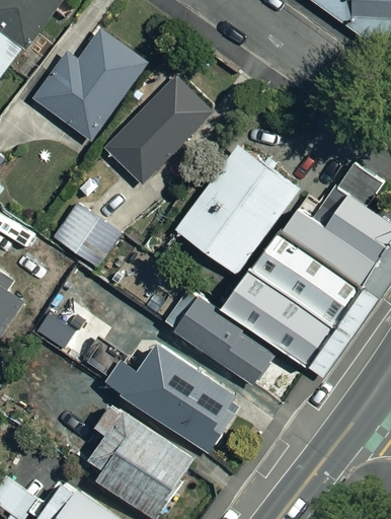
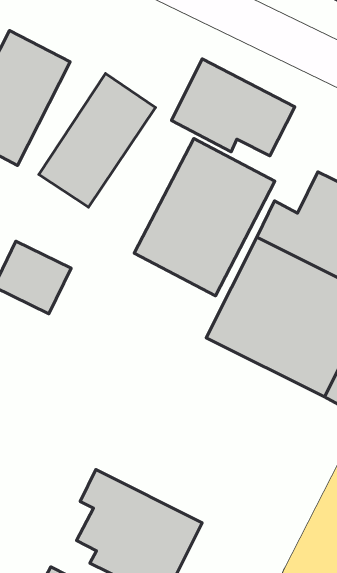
building: none -> [171,59,295,156]
building: [166,290,276,386] -> none
building: [109,342,238,449] -> none

